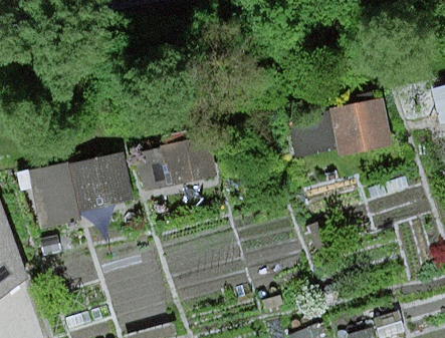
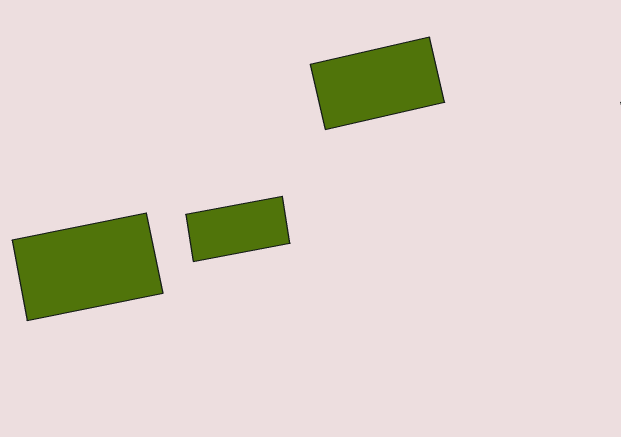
building: [300,97,390,158] -> [310,37,445,129]

